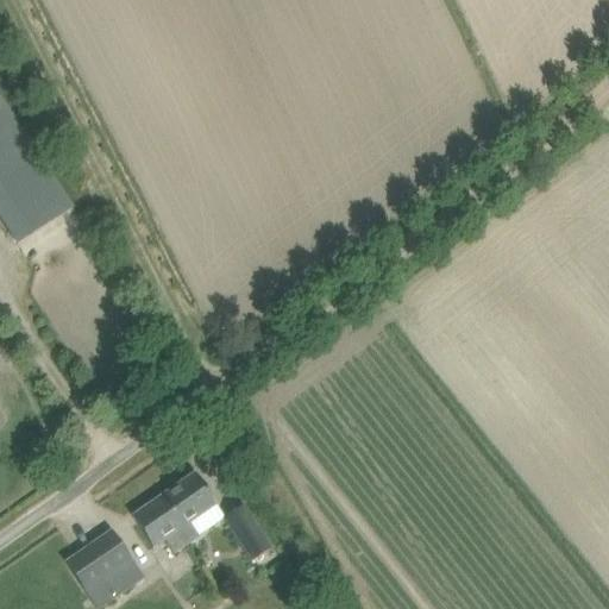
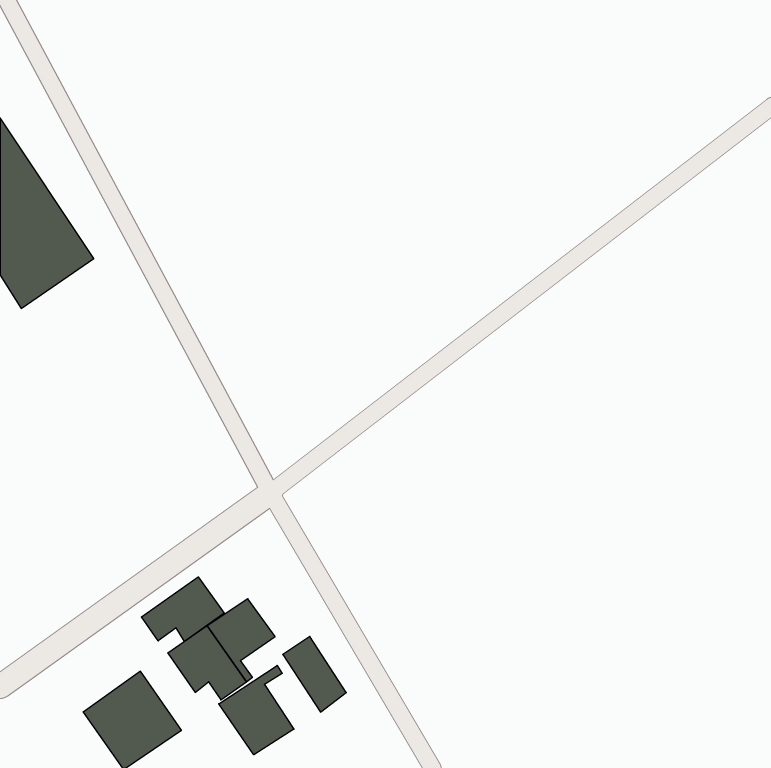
building: none -> [141,577,224,641]
building: none -> [219,665,294,755]

